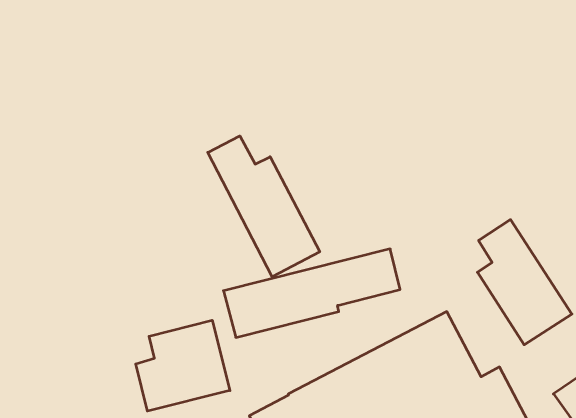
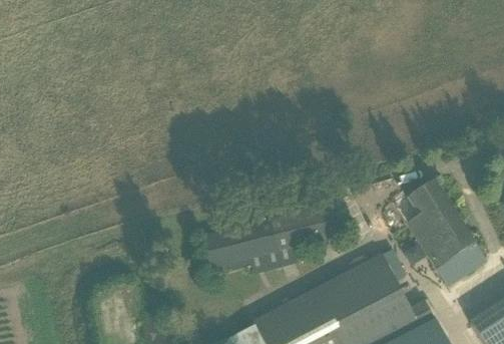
building: [208,136,320,277] -> none
building: [136,320,230,411] -> none

